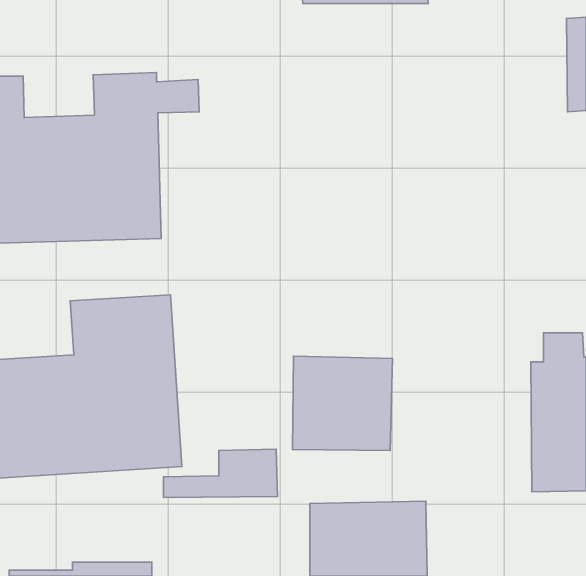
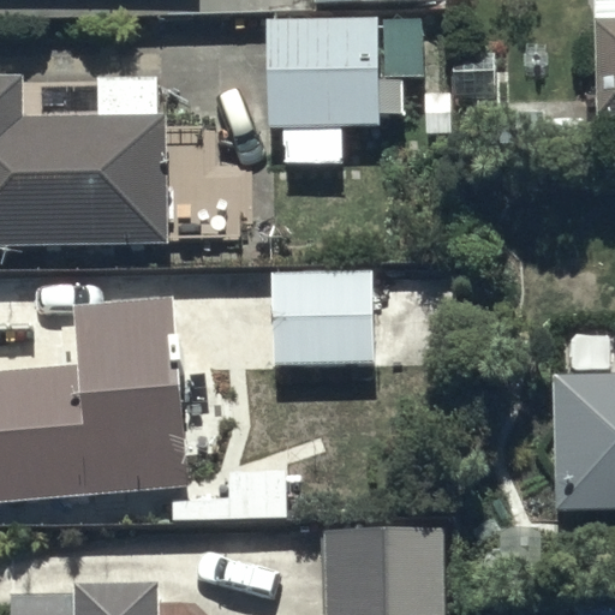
building: none -> [264,16,452,161]
building: [292,356,393,451] -> [271,265,376,364]

